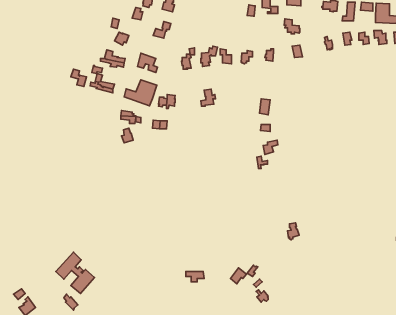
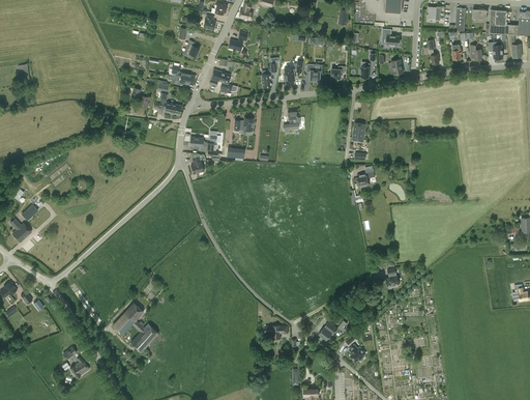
building: [124,80,157,106] -> none

